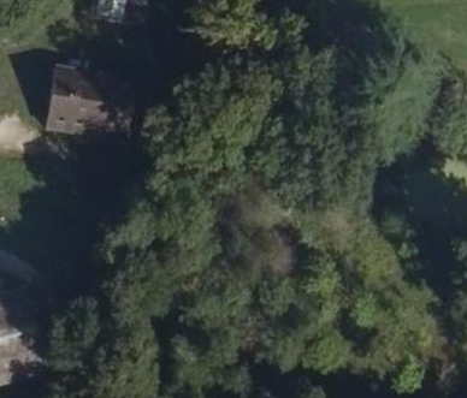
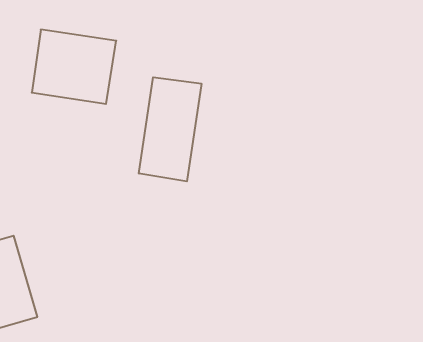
building: none -> [139,77,201,181]

